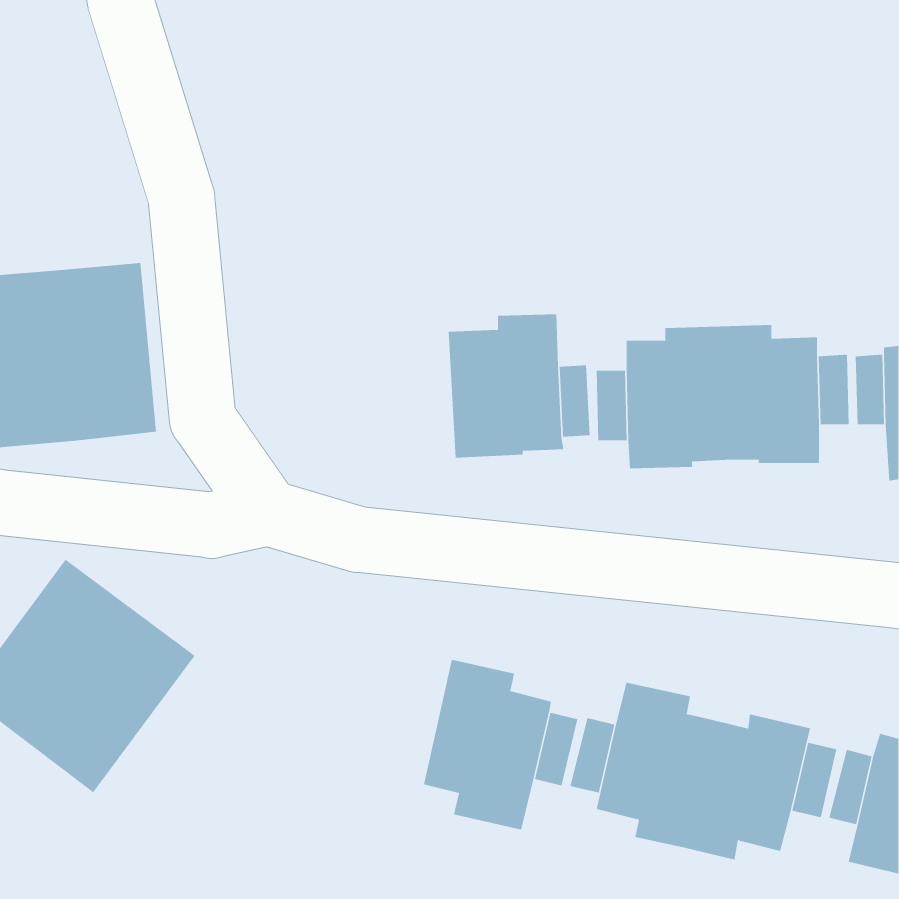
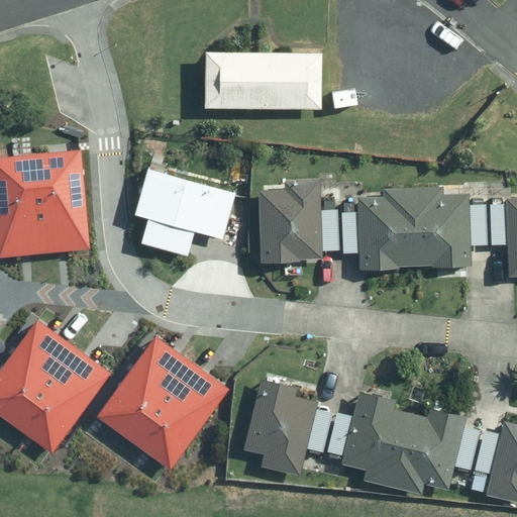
building: none -> [204,50,326,110]
building: none -> [133,170,232,255]
building: none -> [96,336,229,471]

